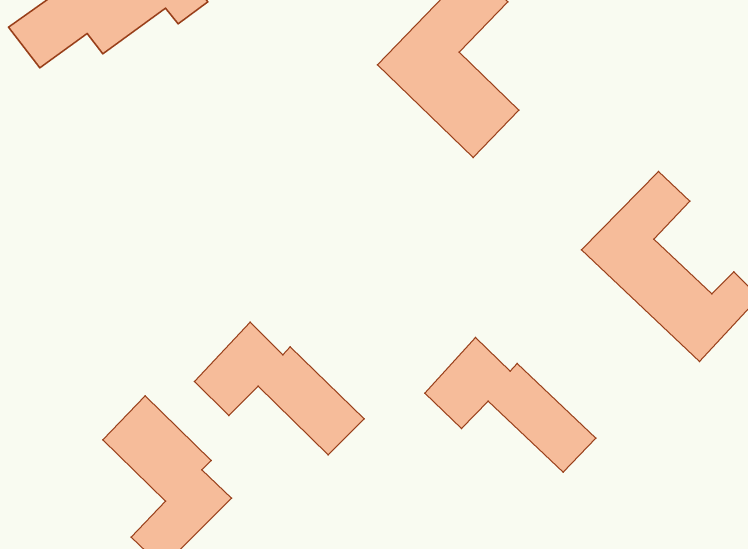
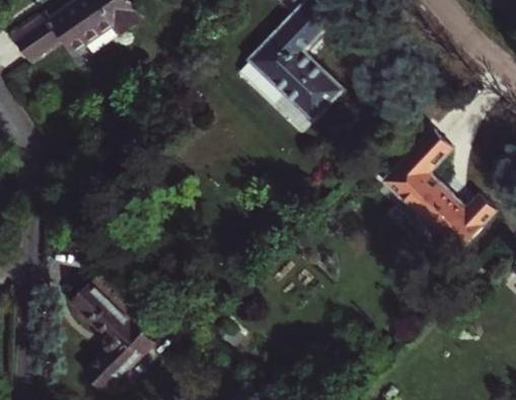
building: [194,322,364,455] -> none
building: [425,338,596,472] -> none

